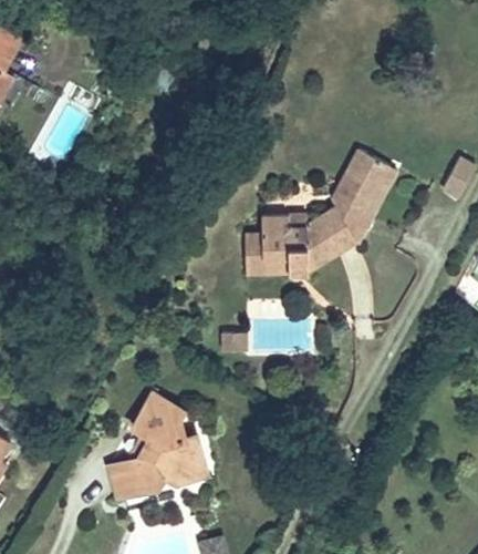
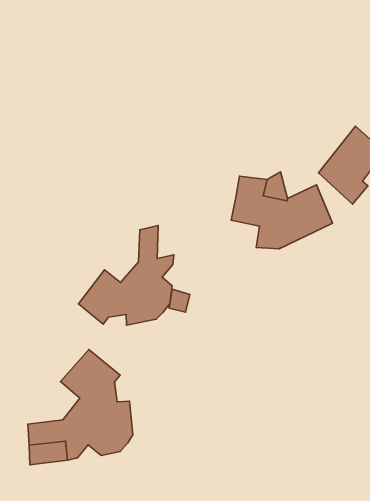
building: [245,234,289,271] -> none
building: none -> [78,226,174,325]

